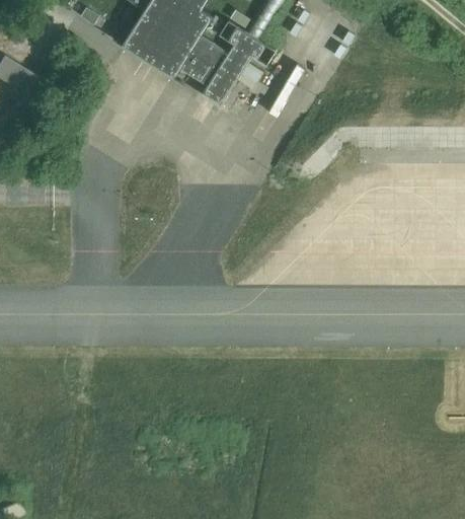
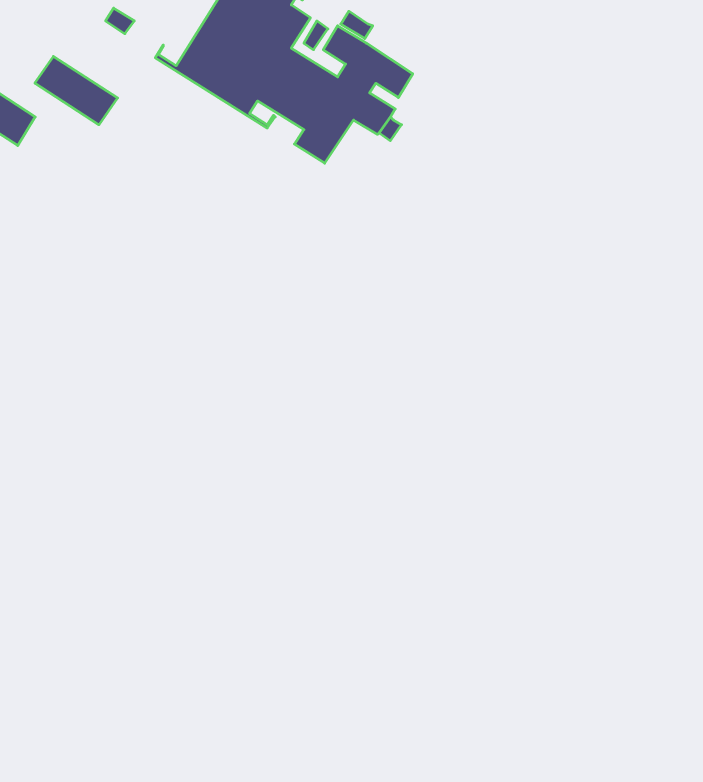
building: none -> [35,56,118,125]

